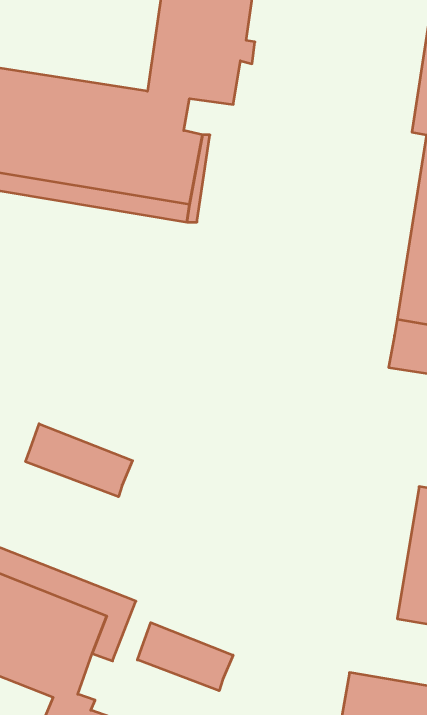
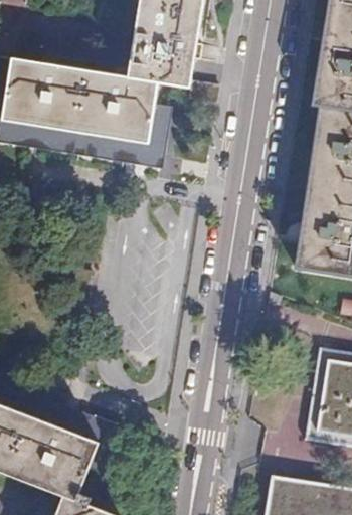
building: [26,424,133,497] -> none
building: [137,623,233,691] -> none

